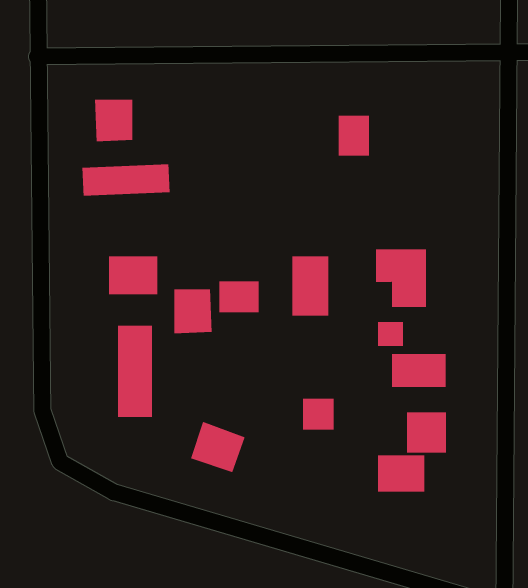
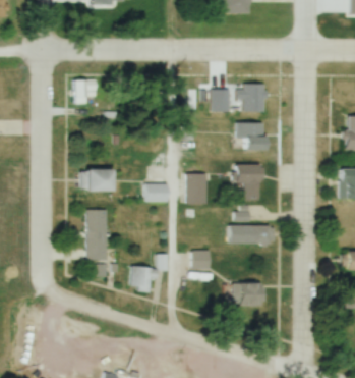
building: none -> [242,84,267,112]
building: [82,164,170,196] -> none
building: none -> [239,122,267,150]
building: [174,288,212,334] -> none
building: [406,411,447,453] -> none

